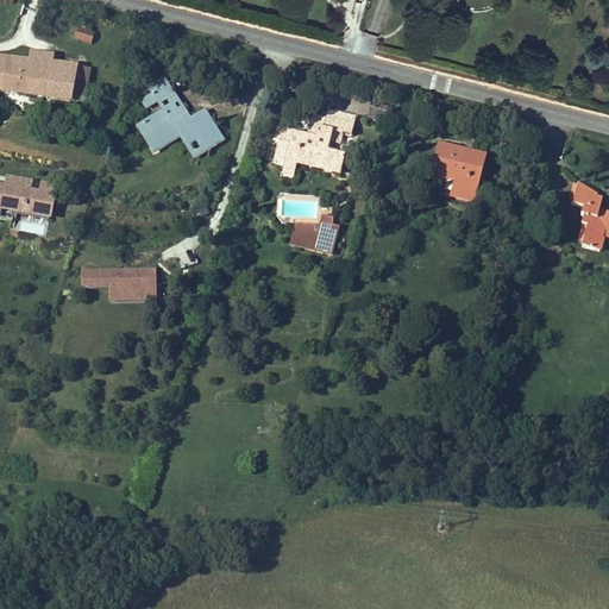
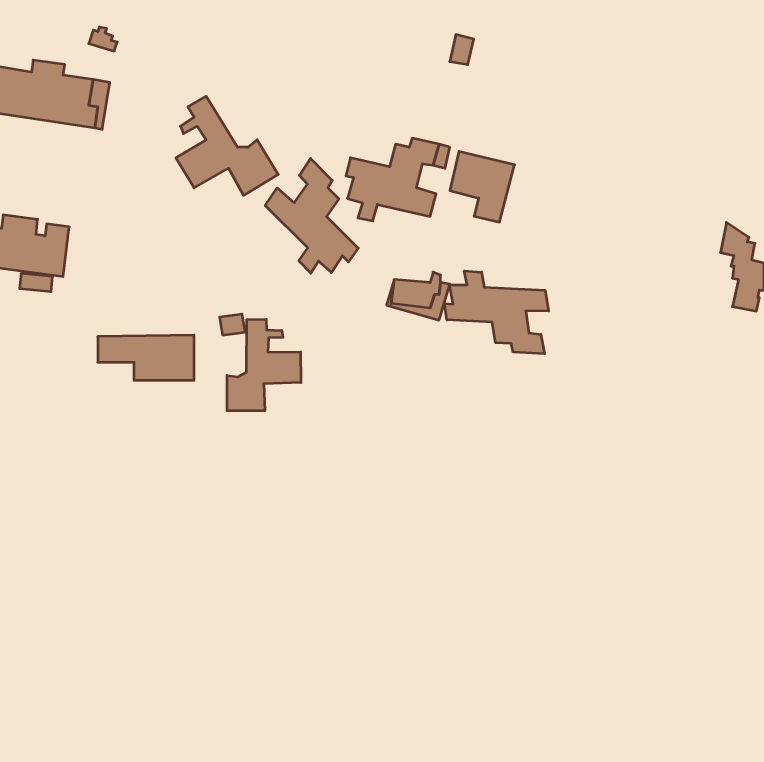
building: none -> [265,158,358,273]
building: [434,143,485,199] -> [450,151,515,222]
building: none -> [444,271,549,354]
building: none -> [227,319,301,411]

